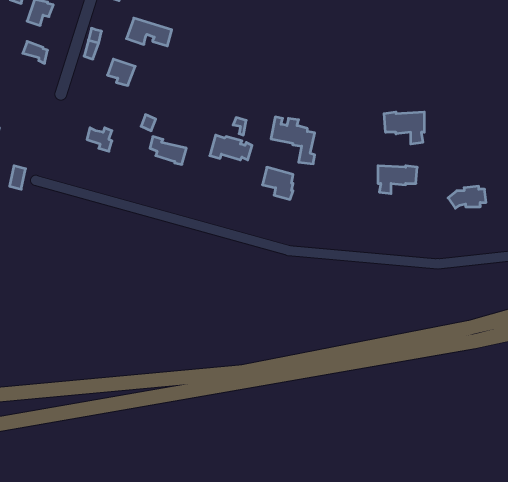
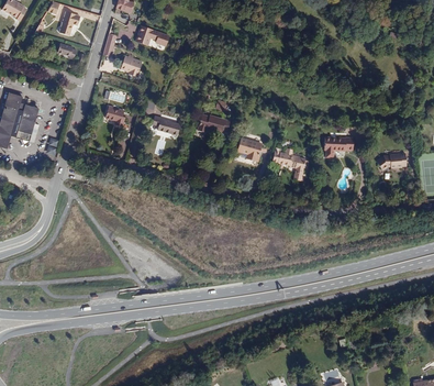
building: [384,112,424,144] -> none
building: [271,117,315,164] -> [272,145,305,180]

